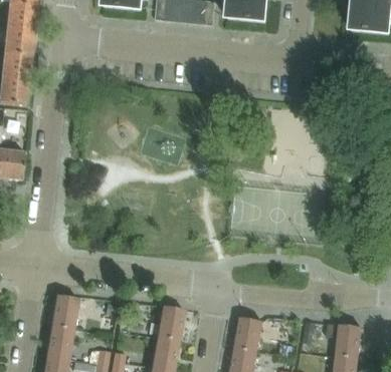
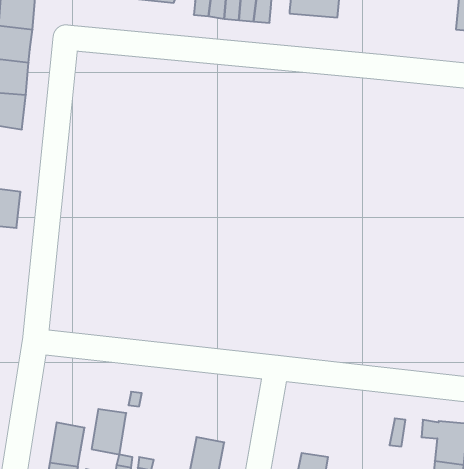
building: [51,296,77,330] -> [92,409,126,454]
building: [157,307,183,341] -> none
building: [236,318,262,352] -> none

